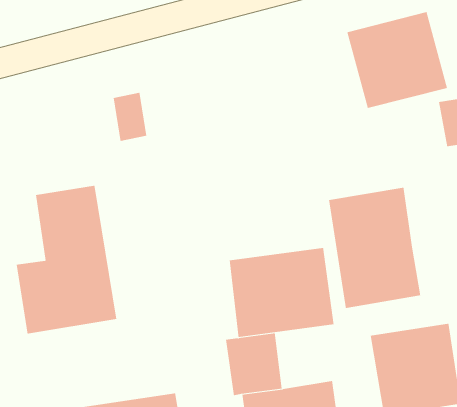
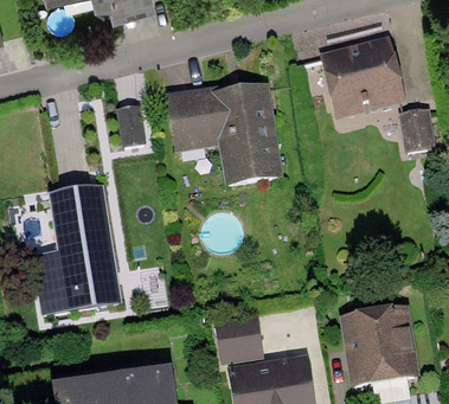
building: none -> [166,82,282,185]
building: [328,187,421,309] -> none
building: [229,247,334,338] -> none

